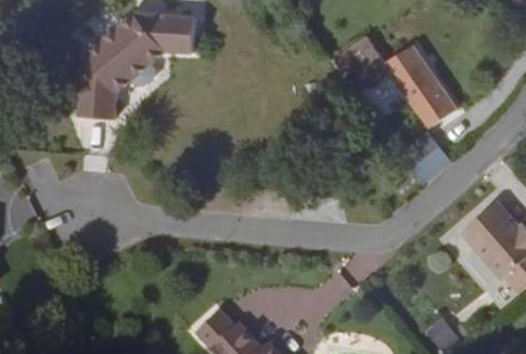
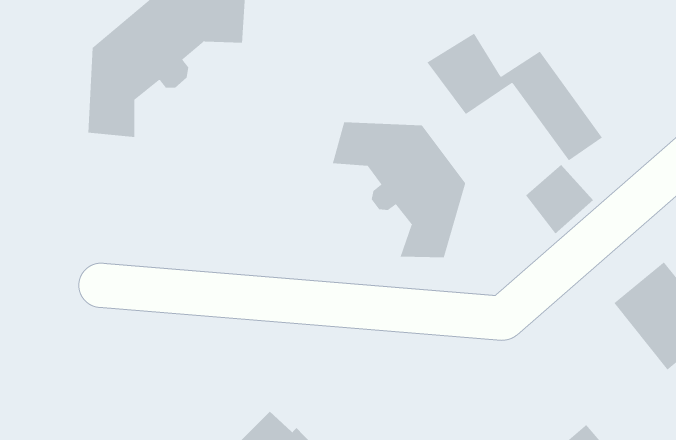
building: none -> [332,122,466,258]

